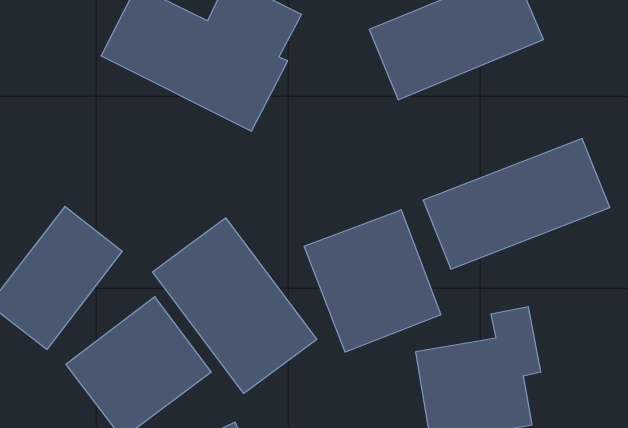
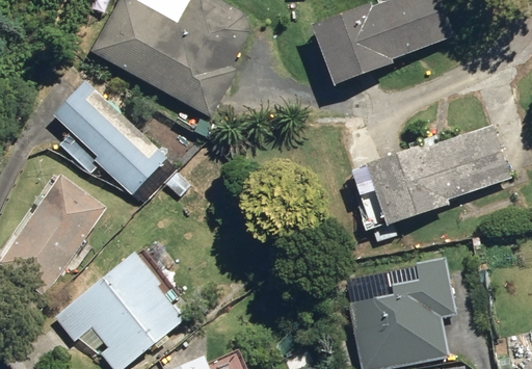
building: none -> [48,78,167,194]
building: [304,210,441,352] -> none
building: [153,218,317,393] -> none

